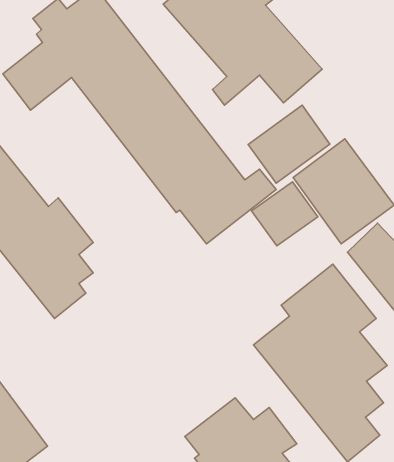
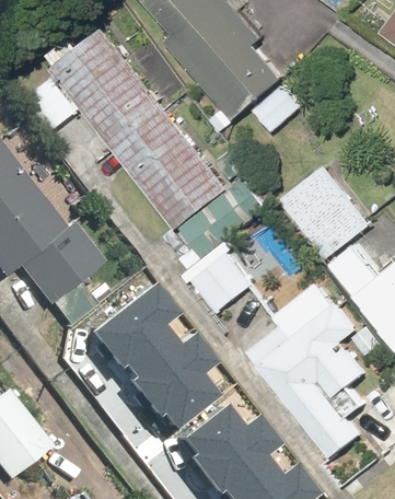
building: [248,105,330,183] -> none
building: [252,182,318,246] -> [190,254,251,312]
building: none -> [97,282,223,428]

